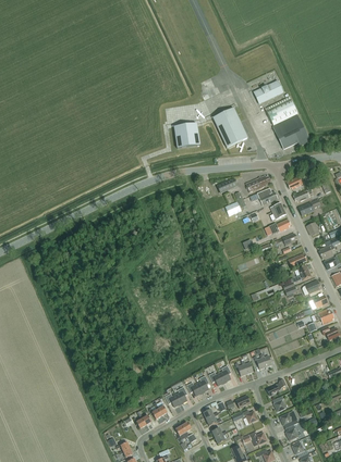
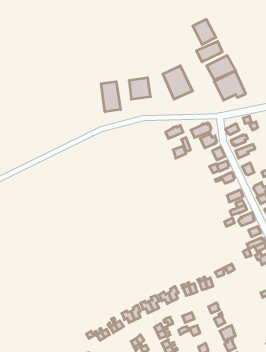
building: none -> [193,19,216,45]
building: none -> [101,82,121,112]

